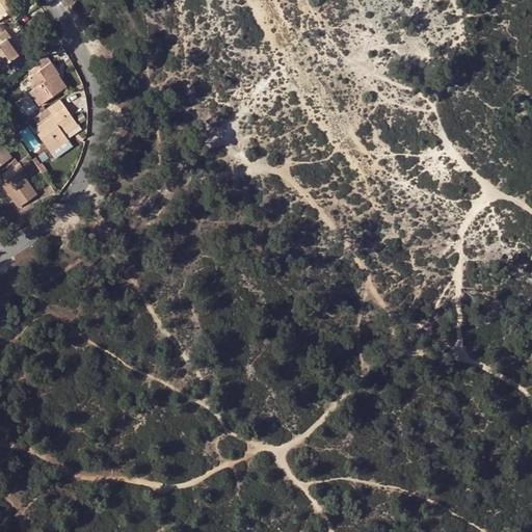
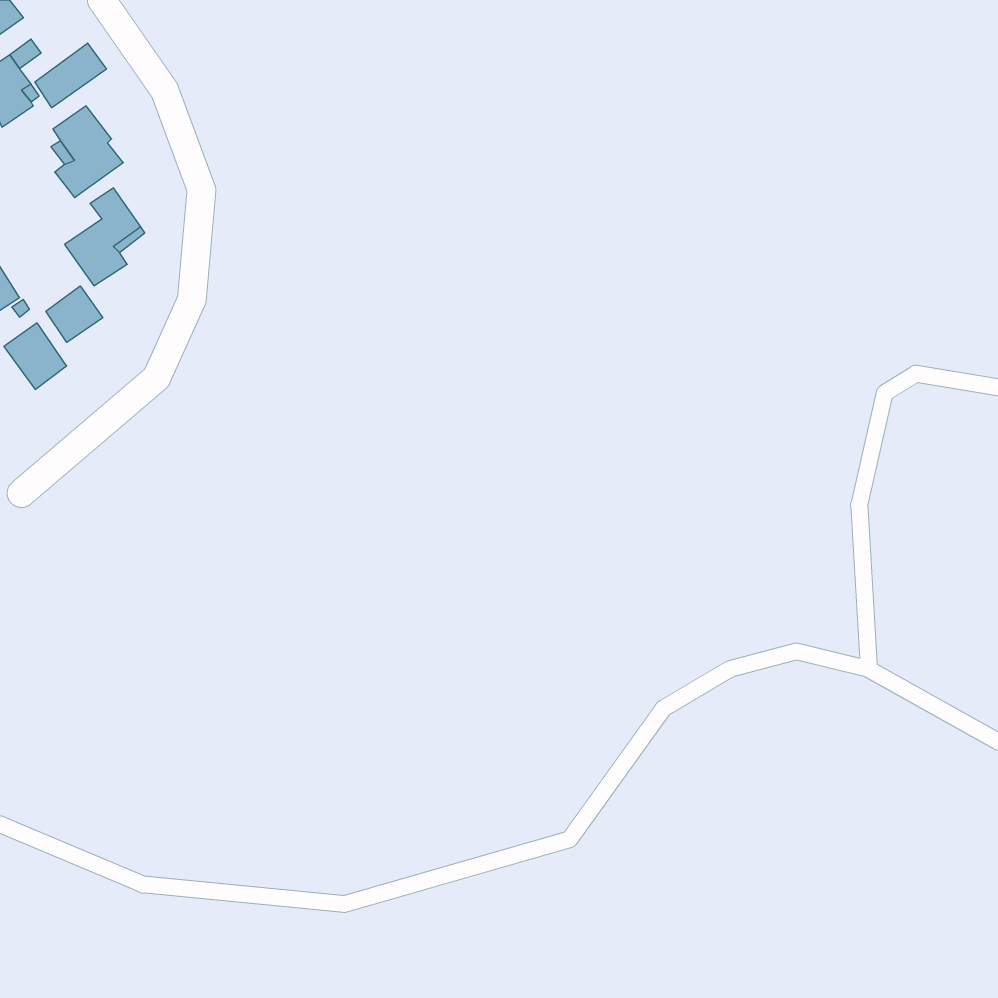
building: none -> [35,43,106,108]
building: none -> [46,286,103,342]

